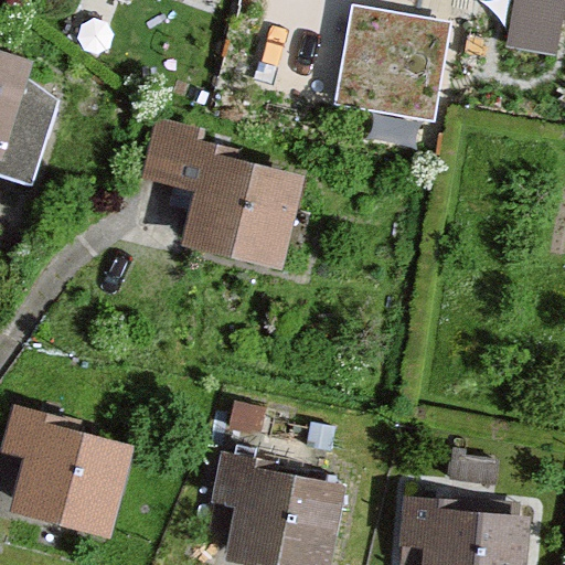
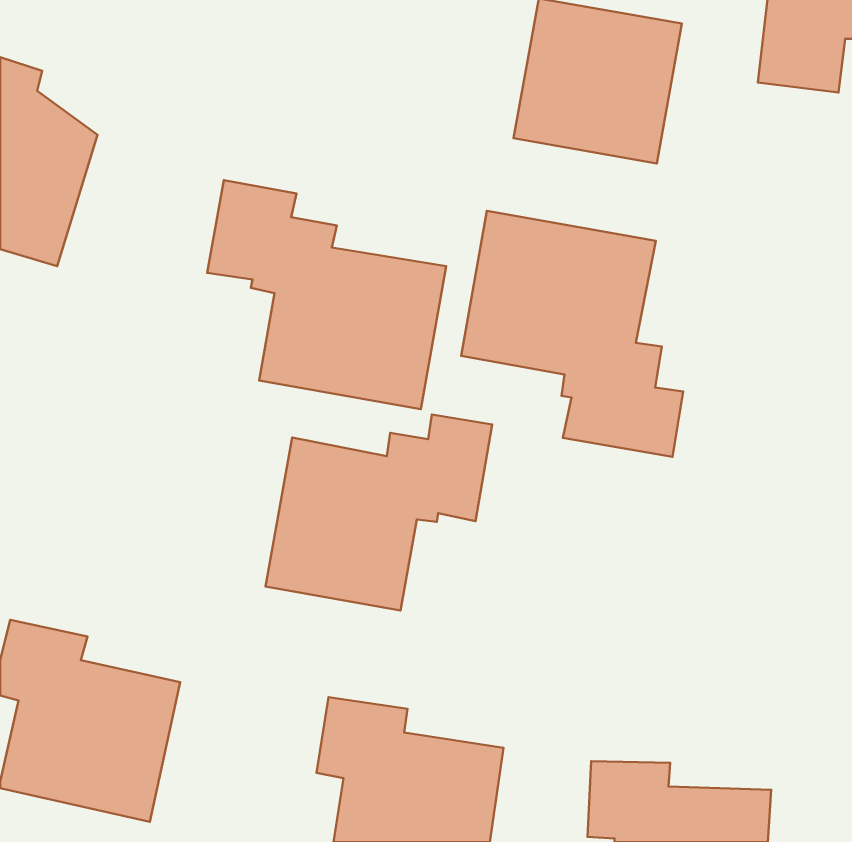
building: none -> [461,211,683,457]
building: none -> [266,414,492,610]

